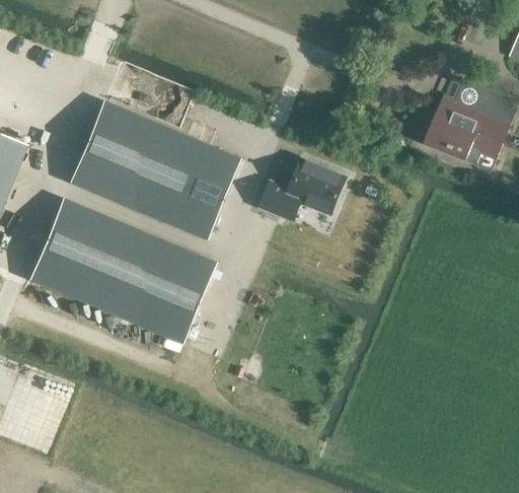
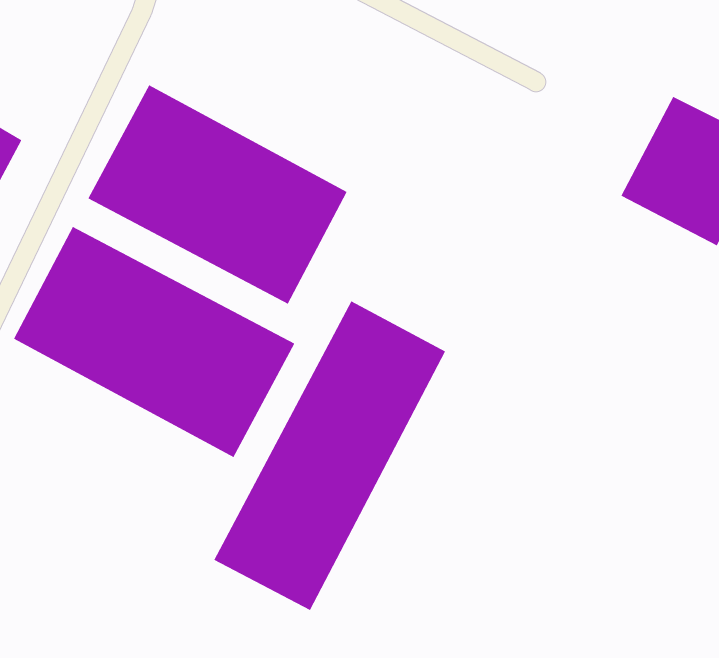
building: [255,157,343,220] -> none
building: none -> [213,300,446,611]

